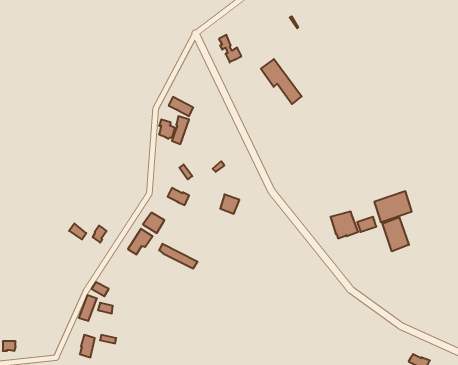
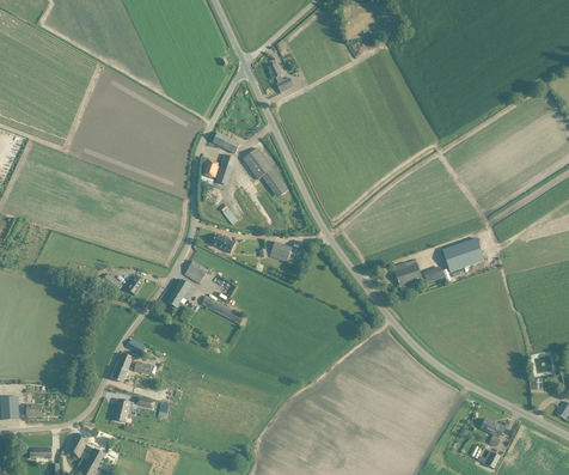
building: [261,59,302,104] -> [243,147,288,197]
building: [382,217,409,251] -> none

